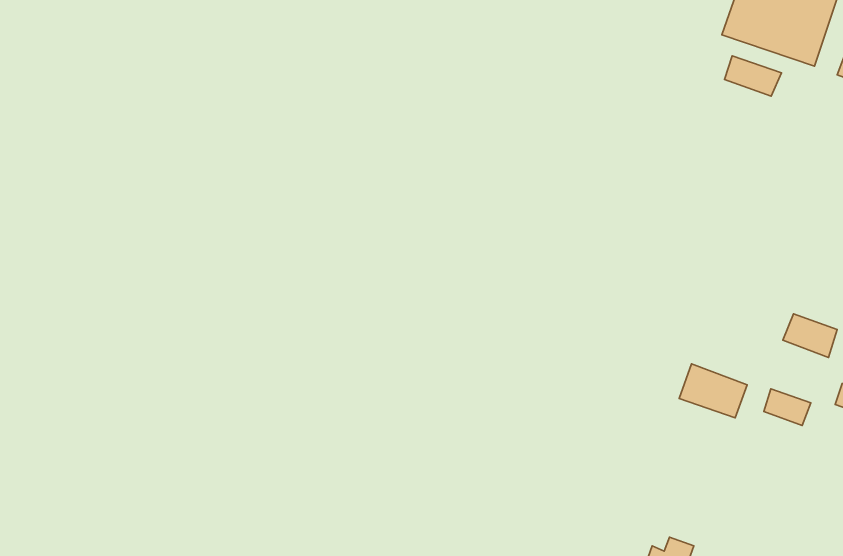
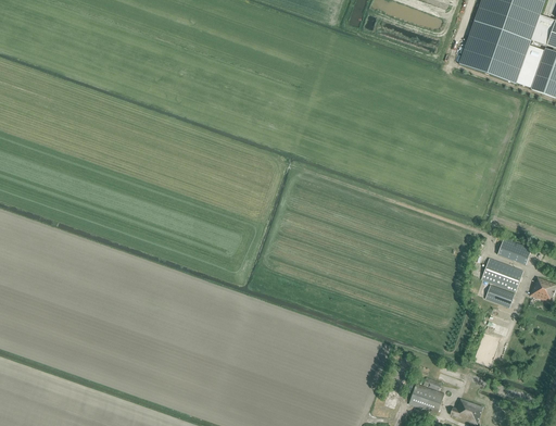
building: [725,56,781,96] -> none
building: [679,364,747,418] -> [481,256,523,290]

